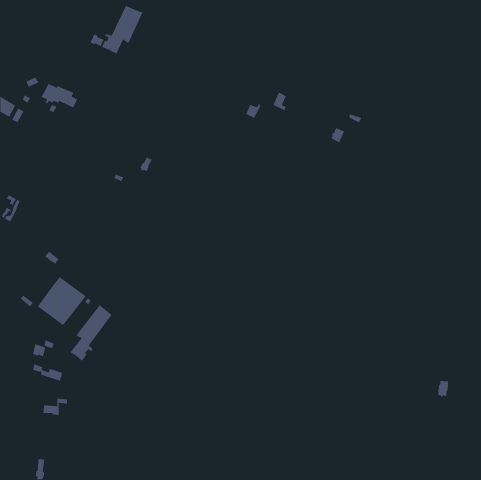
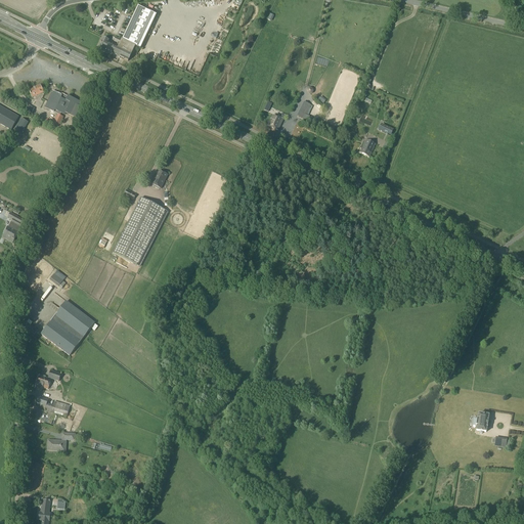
building: none -> [112,195,167,265]
building: [70,304,113,362] -> none

